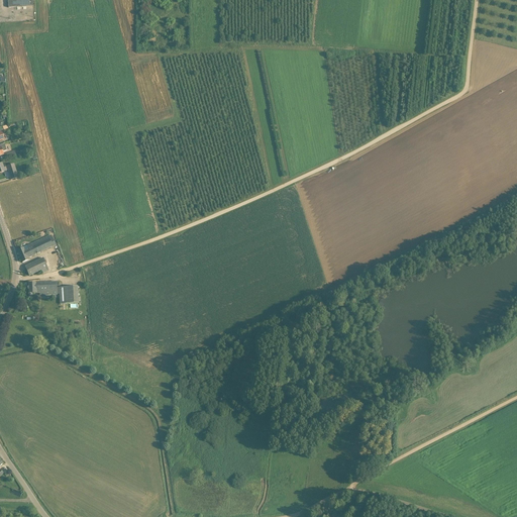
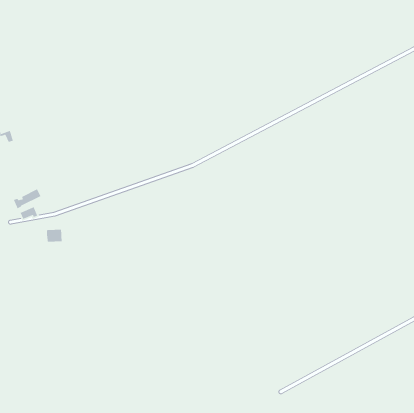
building: [26,280,58,296] -> none

